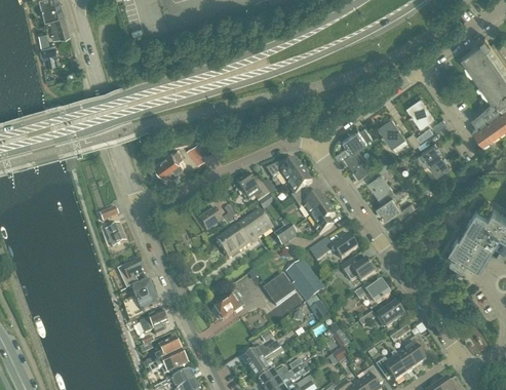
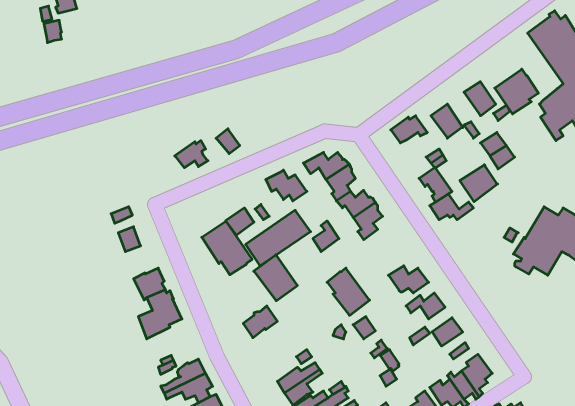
building: none -> [495,69,538,114]
building: [343,147,371,177] -> none
building: none -> [460,165,498,202]
building: none -> [202,221,252,275]
building: [308,232,356,260] -> none
building: [263,273,301,313] -> [254,255,297,301]
building: [140,309,168,333] -> none

